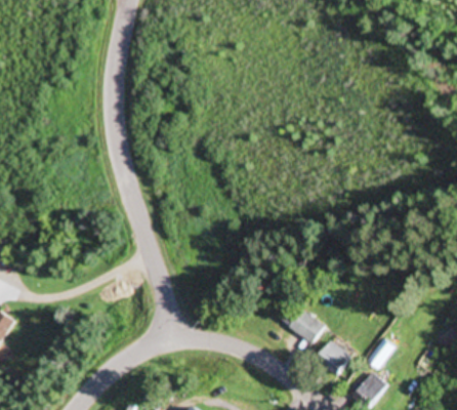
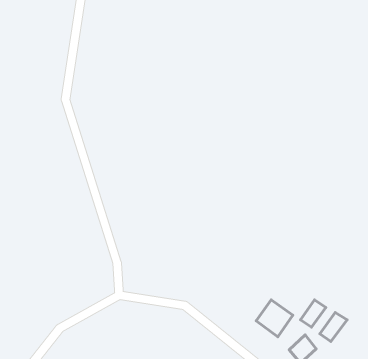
building: [286,308,323,344] -> none
building: none -> [320,313,347,341]

